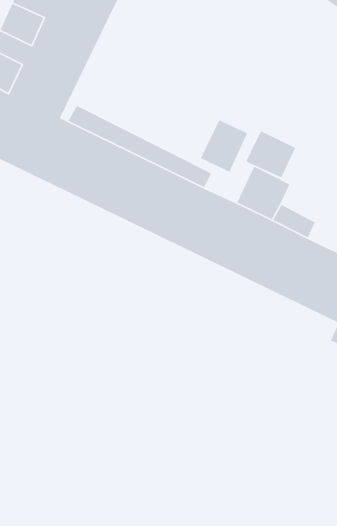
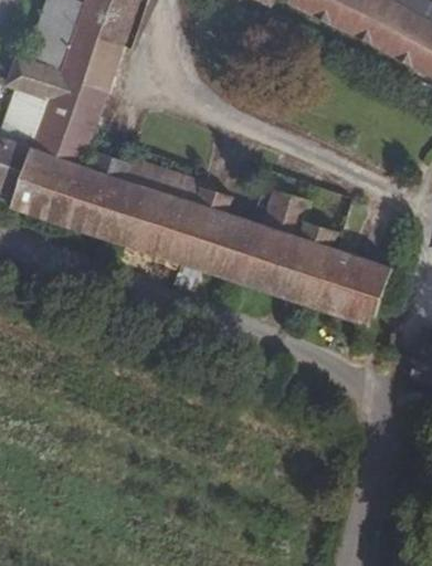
building: [200,119,248,173] -> none
building: [245,130,296,178] -> none

